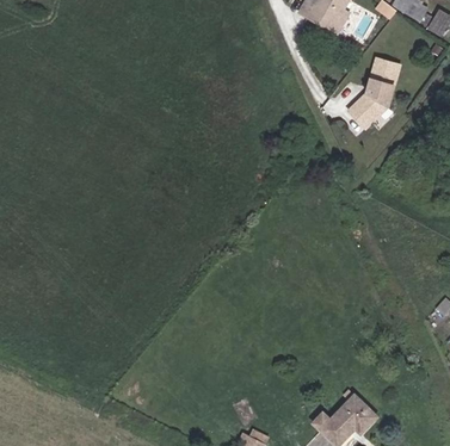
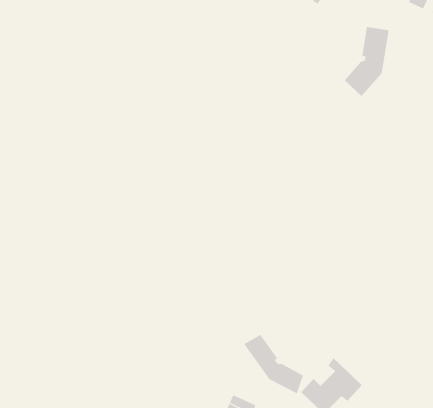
building: none -> [243,334,303,394]

